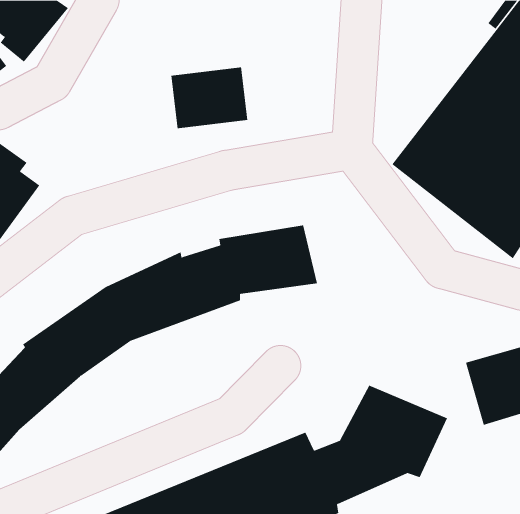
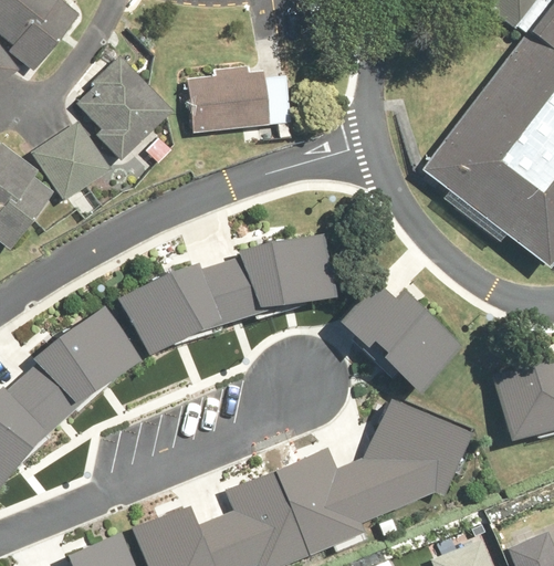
building: none -> [77,57,174,159]
building: none -> [33,119,112,199]
building: none -> [342,281,463,390]

